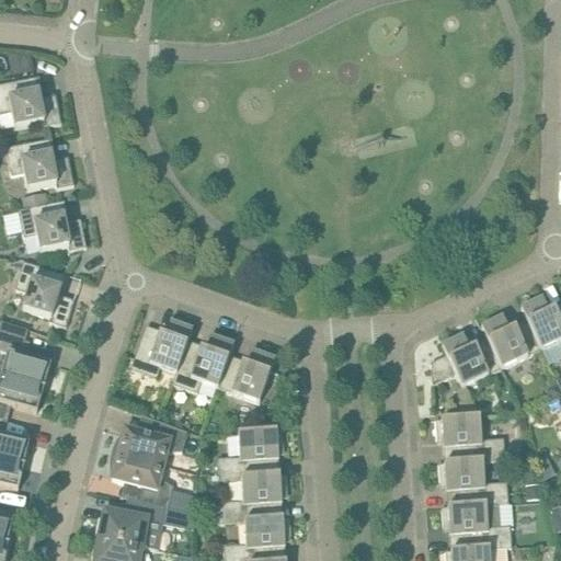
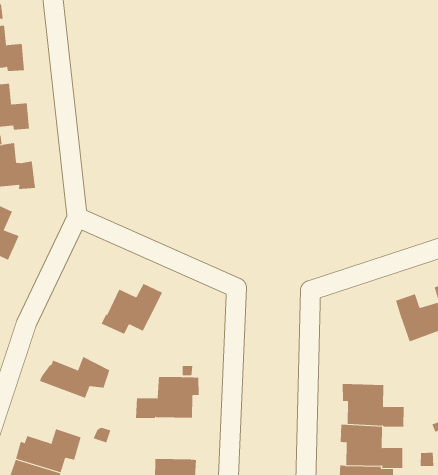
building: [129,320,192,377] -> none
building: [430,333,501,387] -> none
building: [217,348,274,401] -> none
building: [111,450,173,506] -> none
building: [216,472,287,523] -> none

